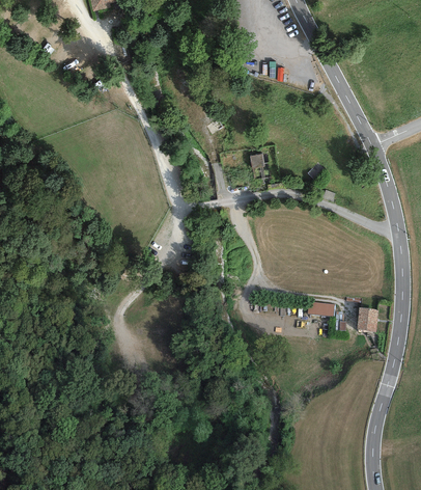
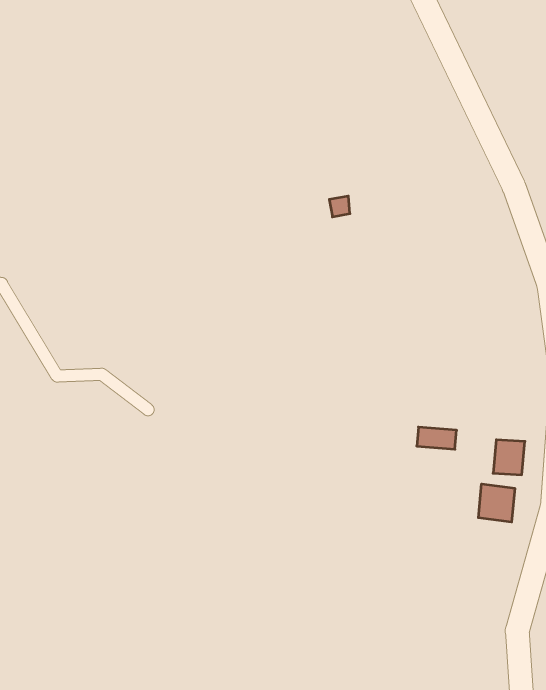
building: none -> [478,484,515,522]

